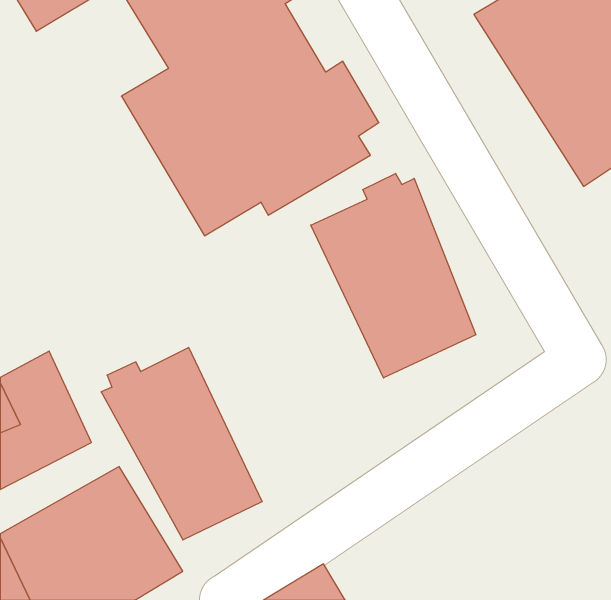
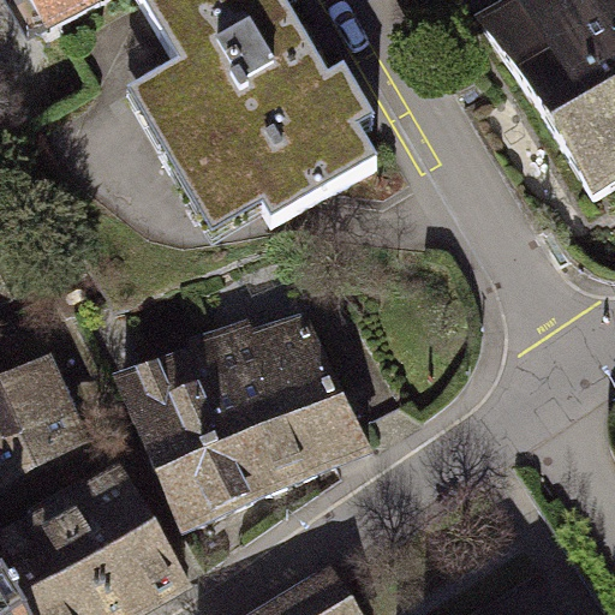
building: [311,173,476,378] -> none
building: none -> [189,315,365,501]

